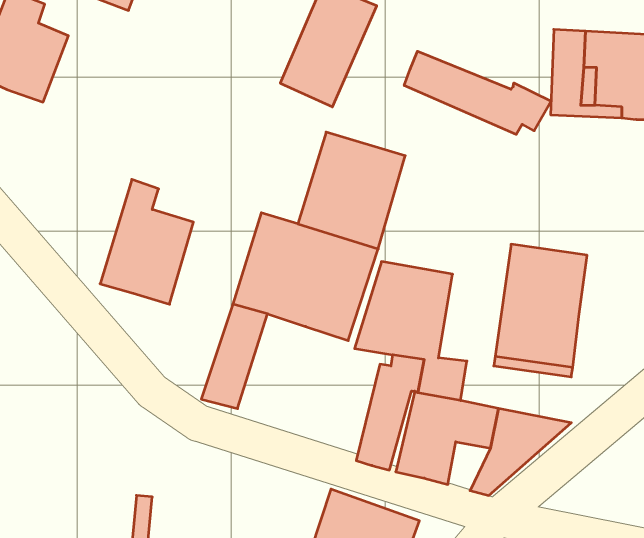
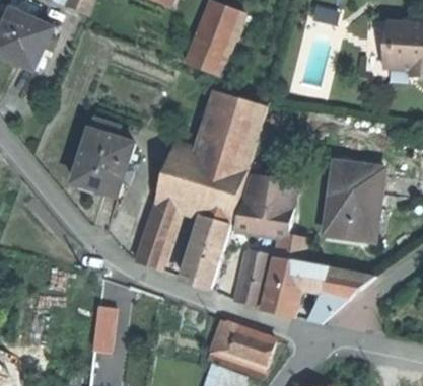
building: [404,51,551,134] -> none
building: none -> [183,214,230,288]

